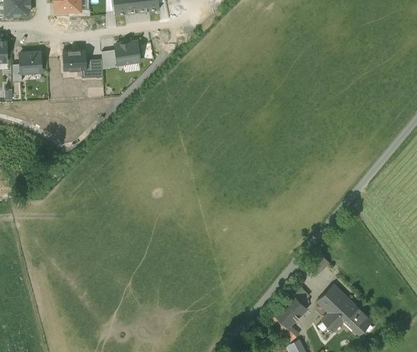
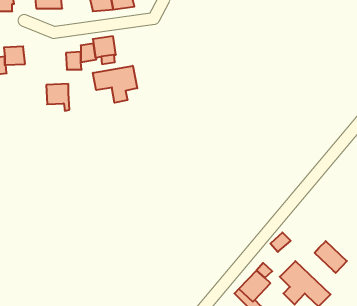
building: [62,49,87,78] -> [46,84,69,111]
building: none -> [93,66,137,103]
building: none -> [315,241,347,273]

